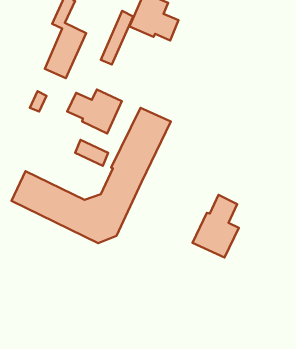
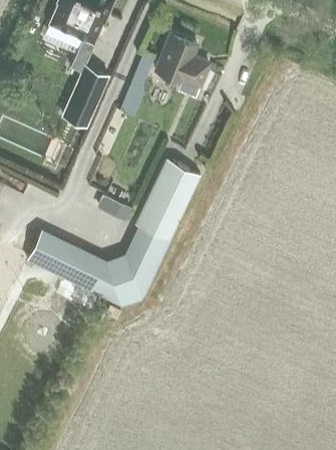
building: [67,90,122,133] -> none
building: [193,195,239,258] -> none

